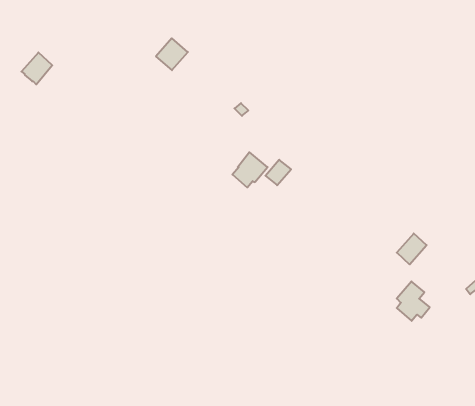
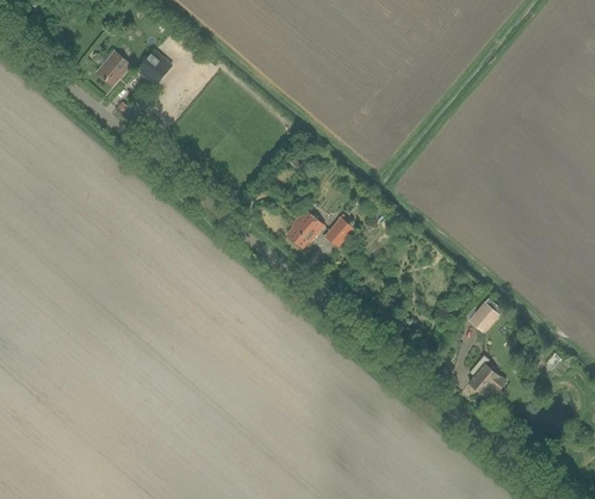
building: [156,38,188,70] -> [136,50,172,86]
building: [21,52,52,84] -> [95,51,130,87]

